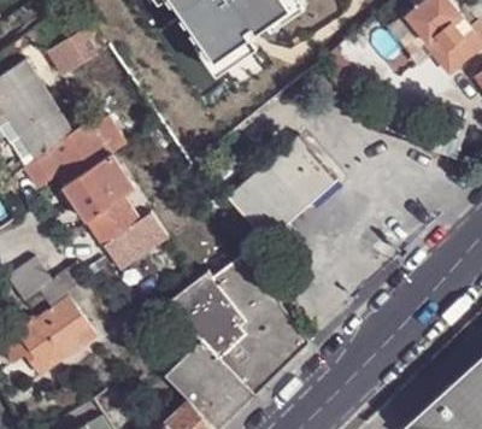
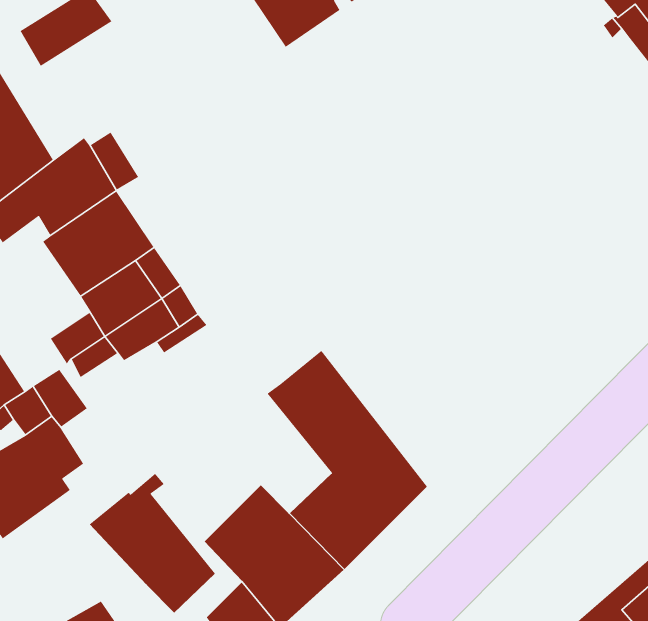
building: [225,135,335,240] -> none
building: [164,270,245,359] -> [89,473,216,613]

